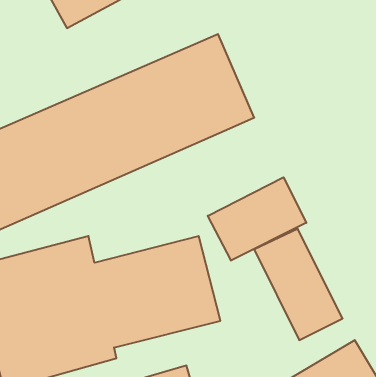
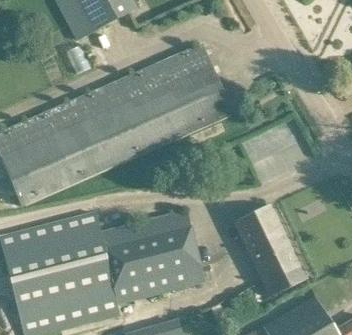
building: [208,177,306,261] -> none

